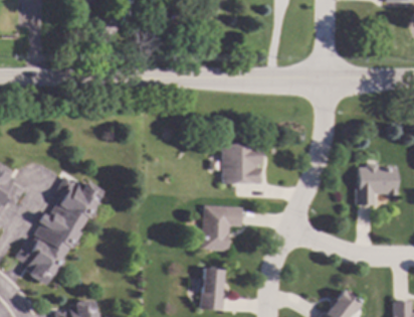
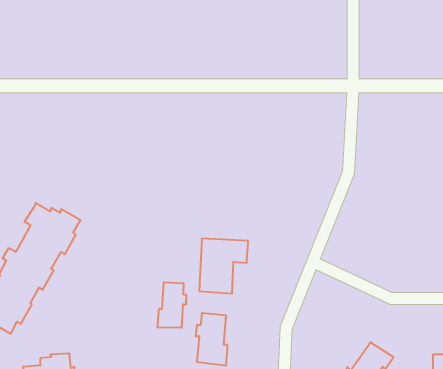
building: [221,143,261,183] -> none
building: [355,162,397,204] -> none
building: none -> [158,282,186,328]

